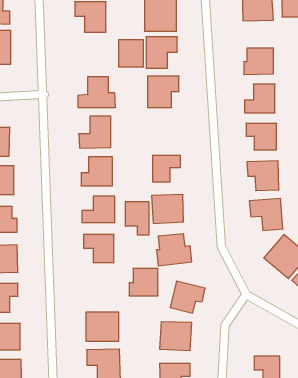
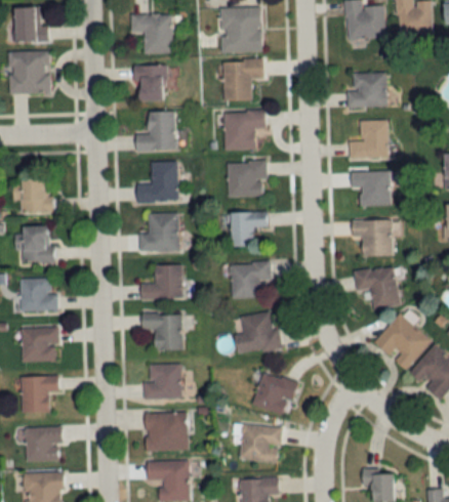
building: [119,40,143,67] -> [134,68,166,102]
building: none -> [228,162,266,197]
building: [126,201,149,235] -> none
building: [129,269,158,296] -> [144,364,180,399]

